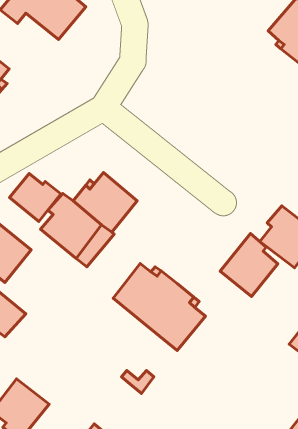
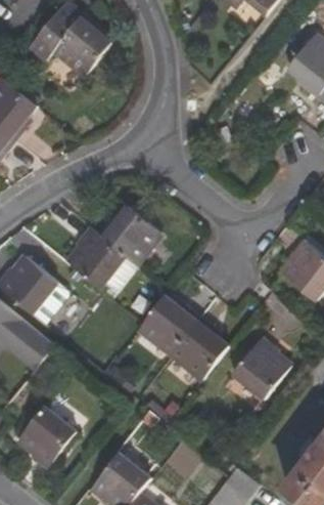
building: [9,173,61,222] -> none
building: [220,233,278,296] -> [233,335,289,396]

